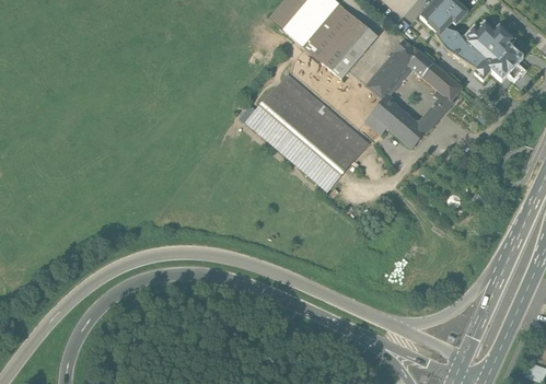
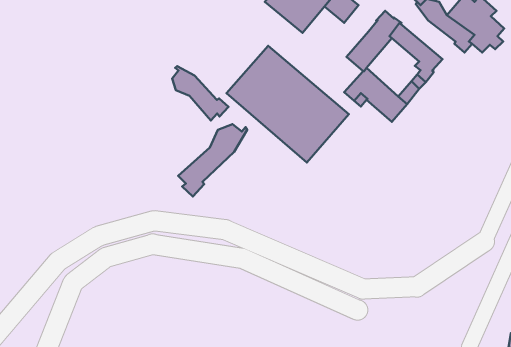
building: [323,35,364,78] -> none
building: none -> [172,66,228,120]
building: none -> [178,124,247,197]

